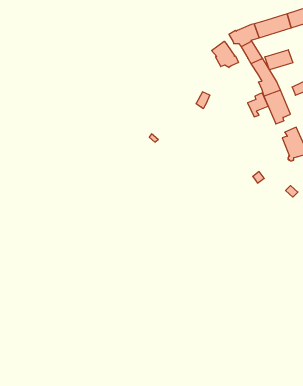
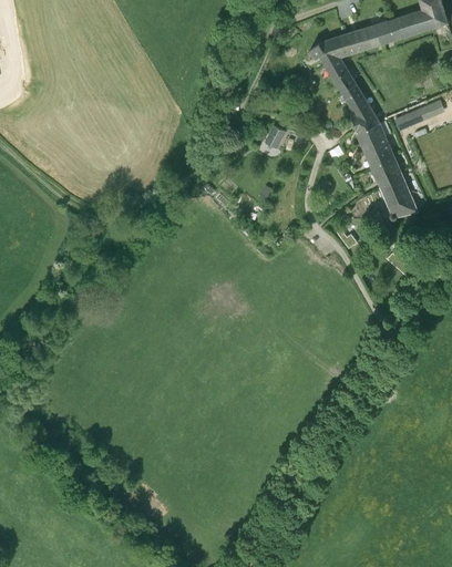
building: [212,41,238,68] -> none
building: [265,50,293,70] -> none
building: [248,93,268,117] -> [372,156,400,188]

